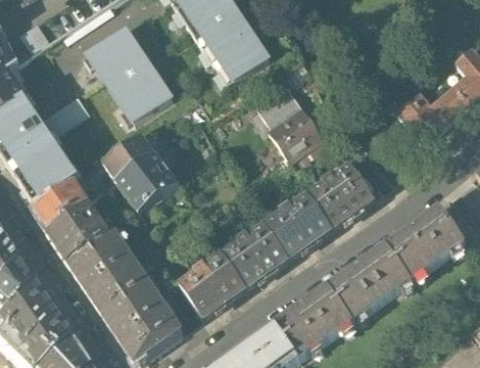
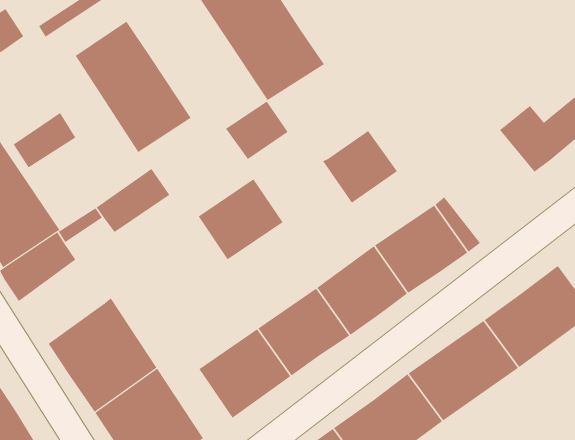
building: [256,85,302,128] -> [225,101,288,160]
building: [117,154,180,214] -> [198,179,284,260]
building: [48,201,110,263] -> none

